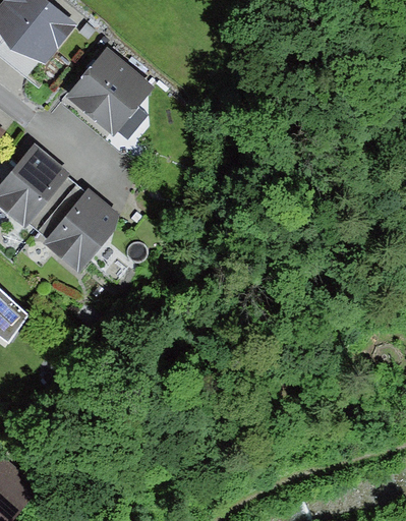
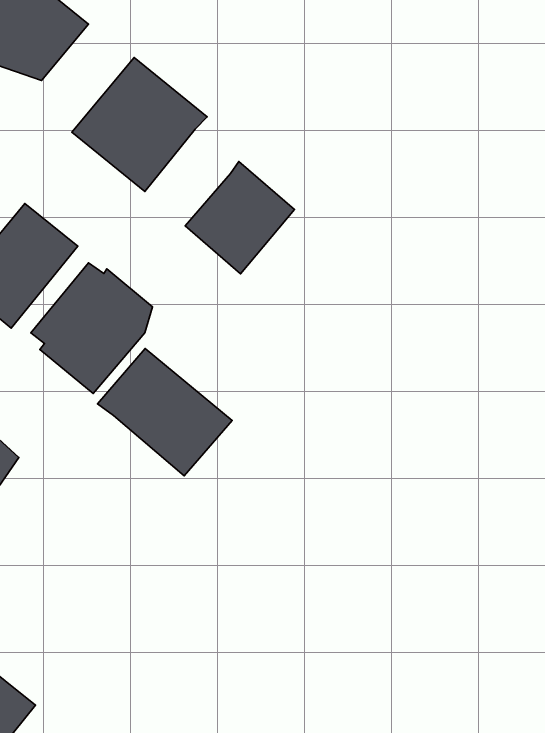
building: none -> [185,161,294,274]
building: none -> [97,349,232,476]

